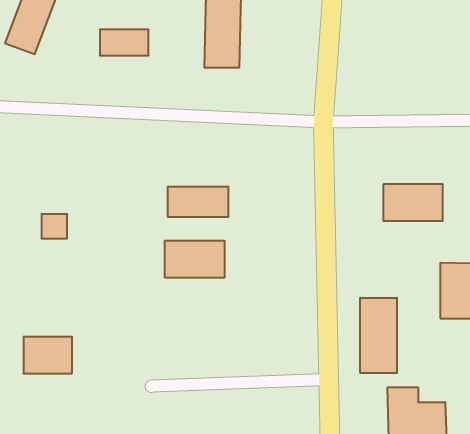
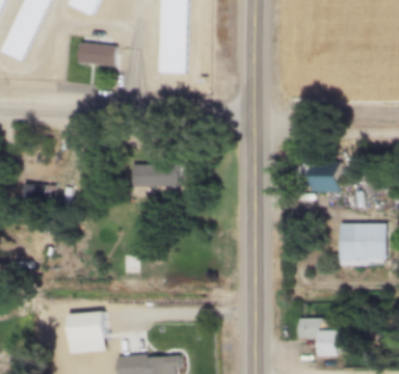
building: [165,241,224,278] -> none
building: [360,298,397,373] -> none
building: [23,337,72,373] -> [77,321,114,349]

